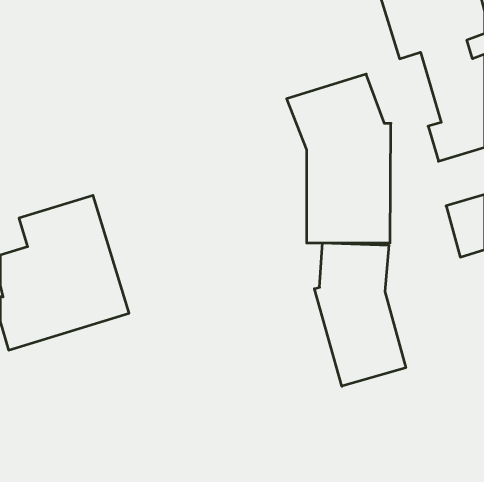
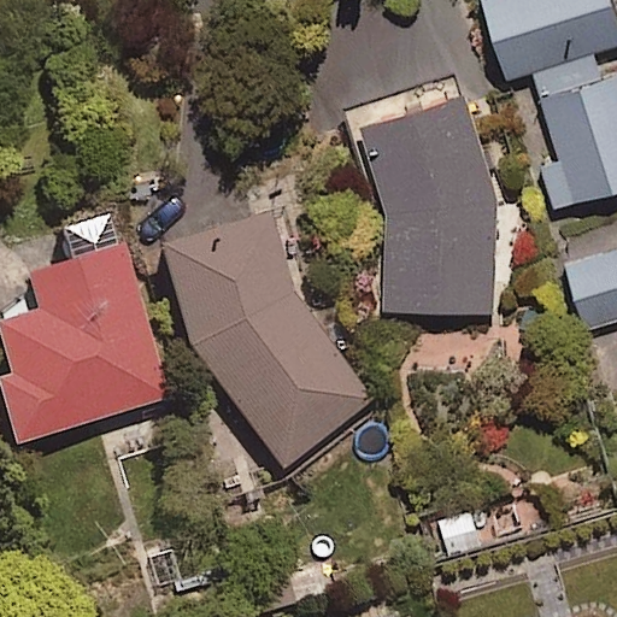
building: none -> [157,218,375,468]
building: [314,243,406,386] -> none

